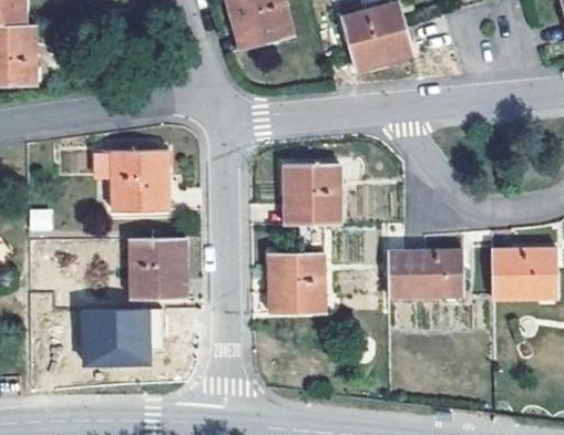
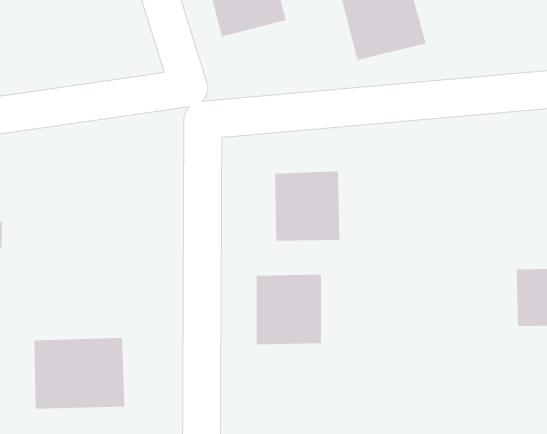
building: [111,149,170,211] -> none
building: [131,238,187,300] -> none
building: [387,249,464,297] -> none

